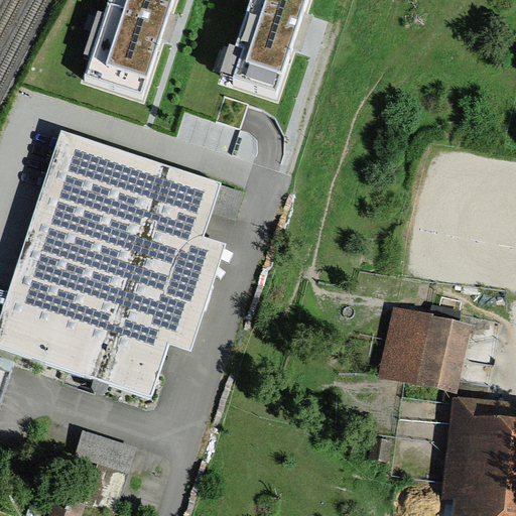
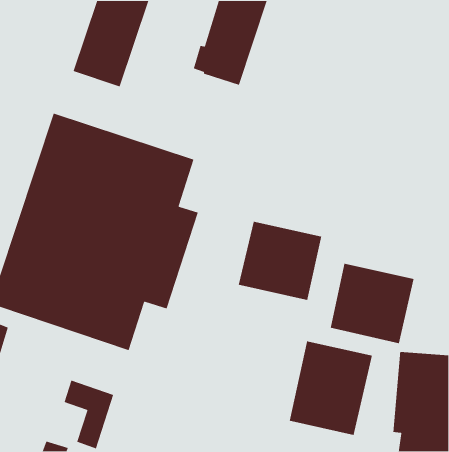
building: none -> [238,221,322,301]
building: none -> [289,340,373,436]

